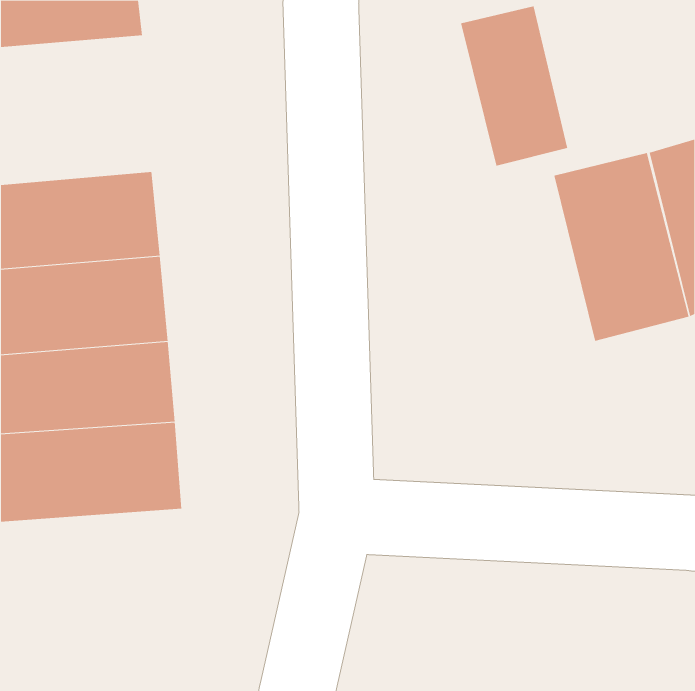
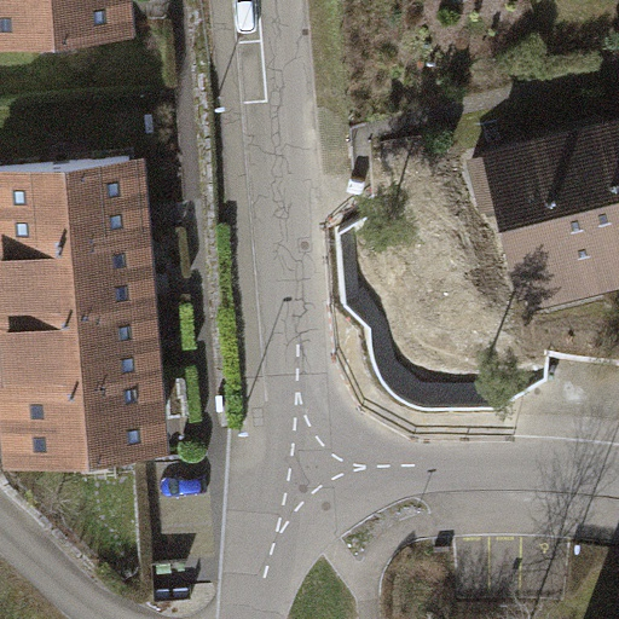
building: [461,6,568,166] -> none

